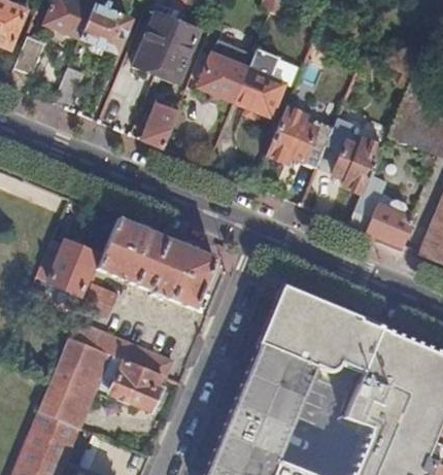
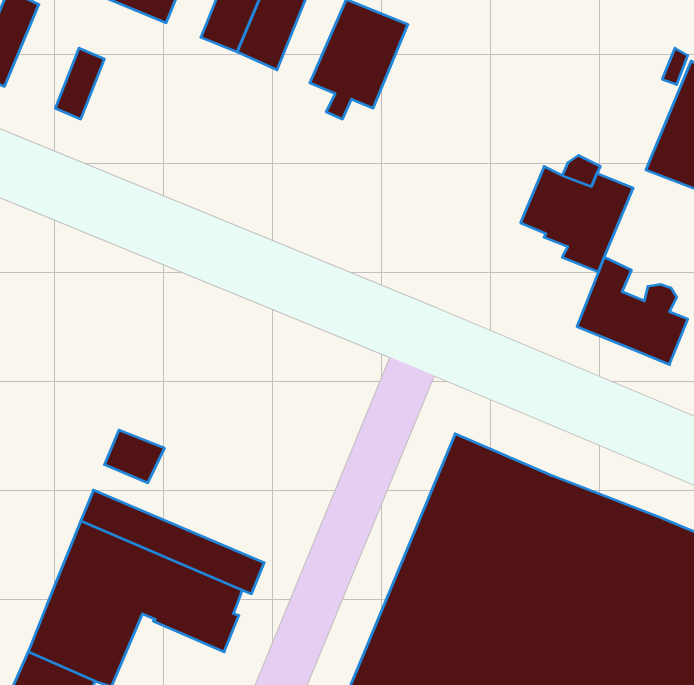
building: [234,55,283,123] -> none
building: [143,104,179,147] -> none
building: [266,108,333,167] -> none
building: [96,218,214,309] -> none
building: [48,240,96,294] -> none

